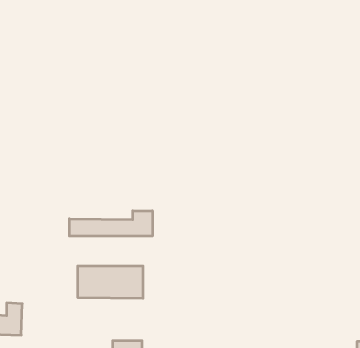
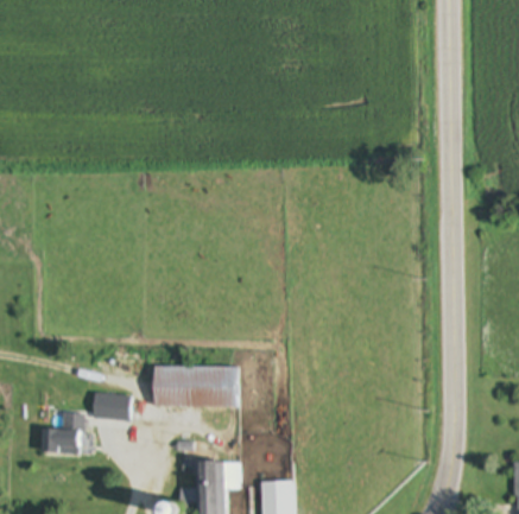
building: [69,211,152,236] -> none
building: none -> [94,393,131,419]

